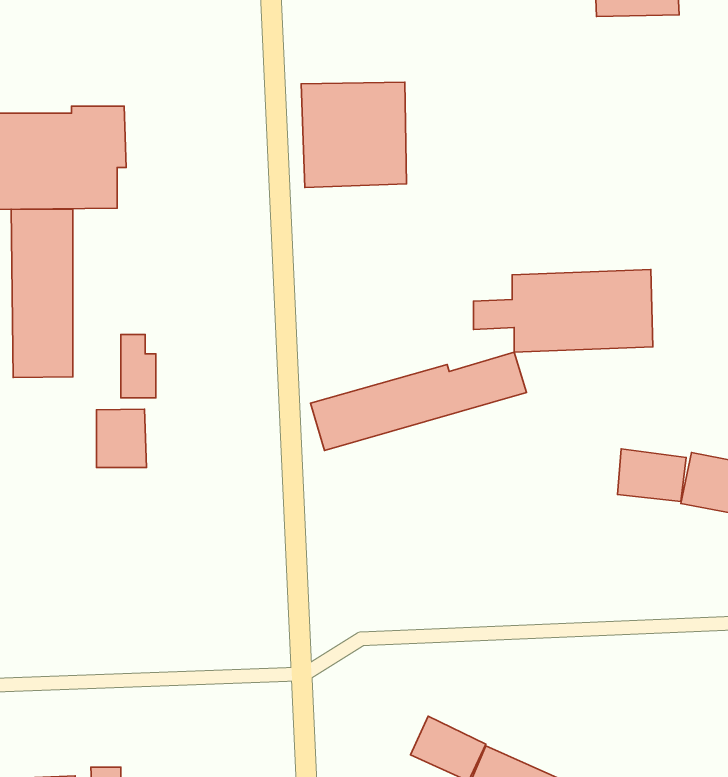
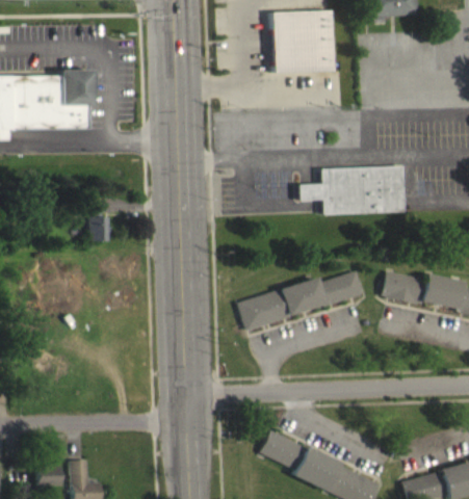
building: [301,82,407,188] -> [270,11,333,74]
building: [11,209,73,377] -> none
building: [310,352,526,451] -> [237,271,365,330]
building: [97,409,146,467] -> none

